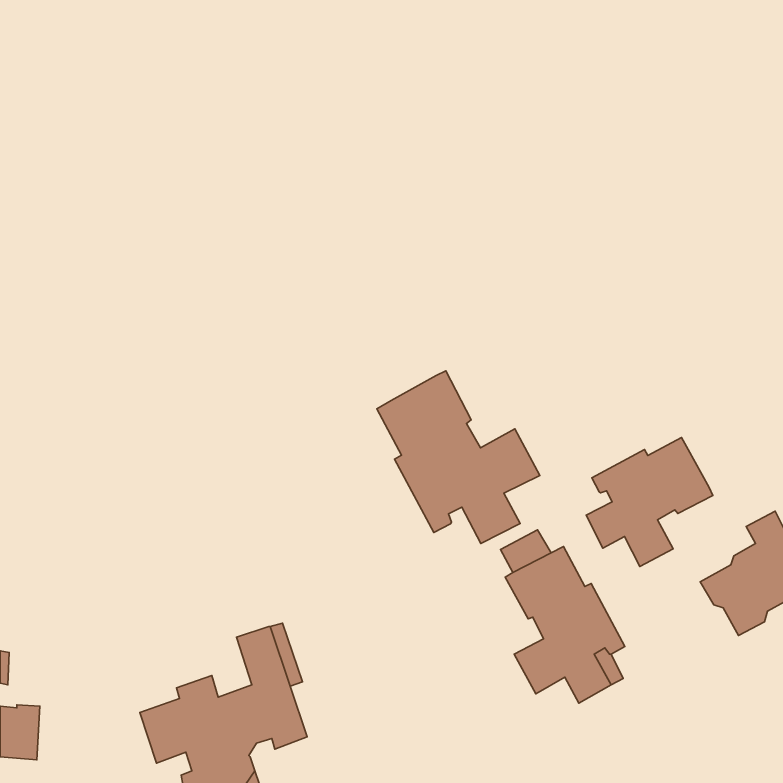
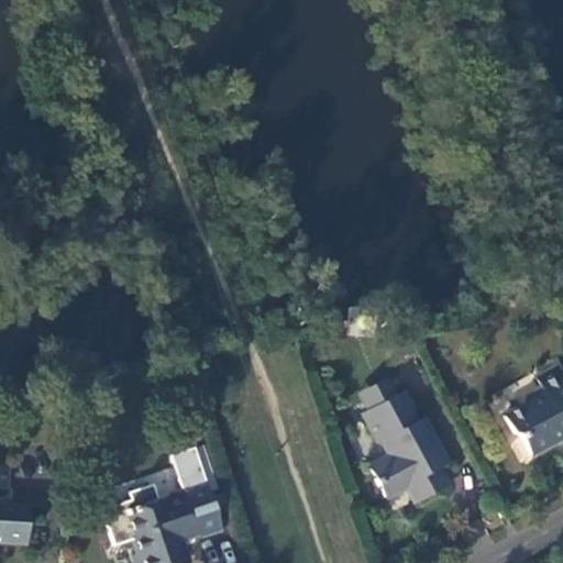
building: [377,371,540,543] -> none
building: [586,438,713,567] -> none

